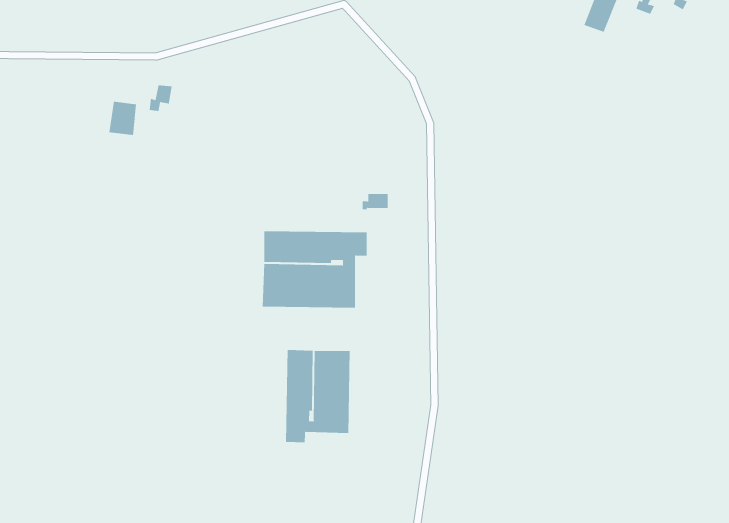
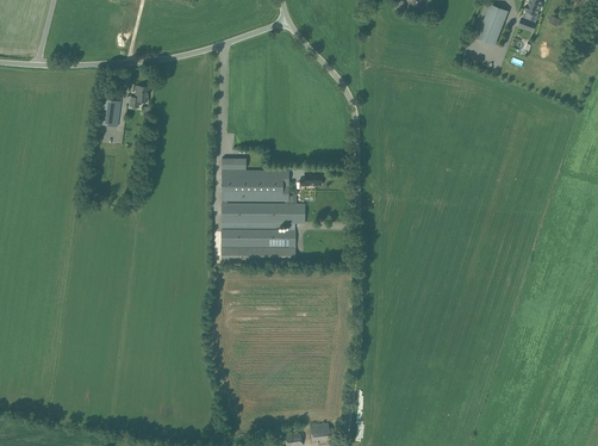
building: none -> [222,157,288,200]
building: [285,349,350,443] -> none

